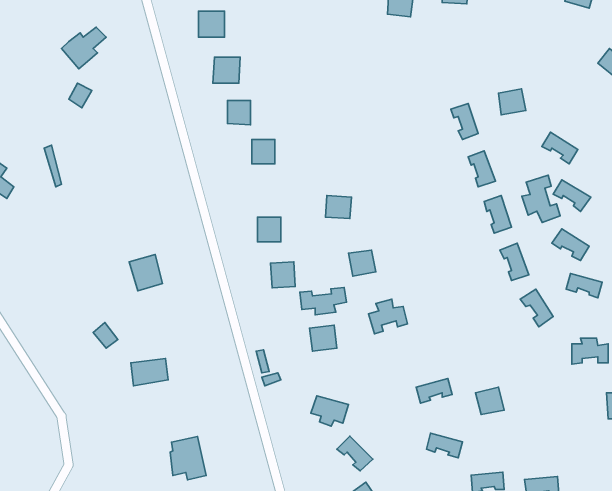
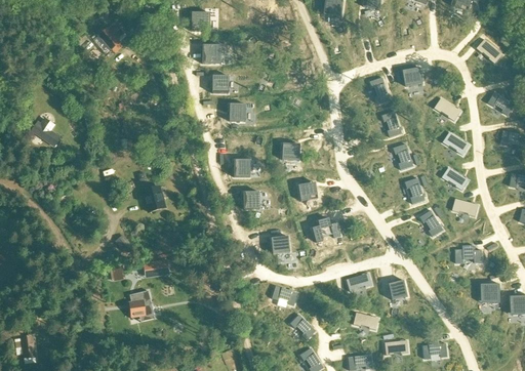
building: [522,175,560,222] -> none
building: [300,287,347,315] -> none
building: [170,436,206,480] -> [128,290,154,321]

